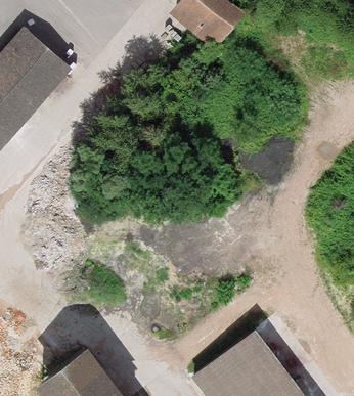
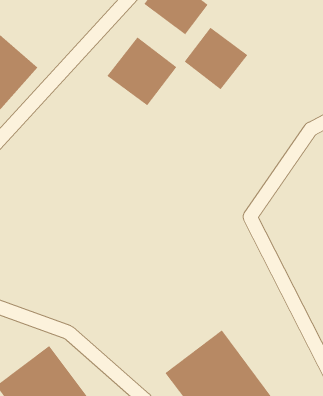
building: none -> [184,27,248,90]
building: none -> [106,36,177,106]

